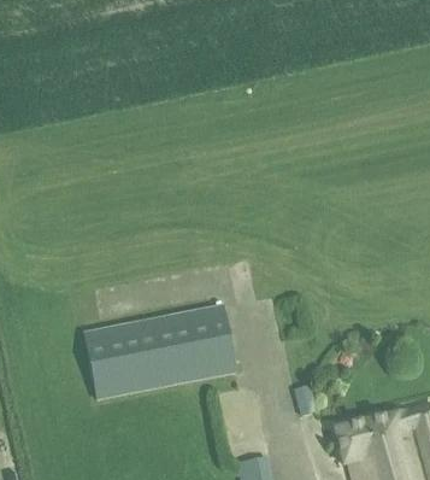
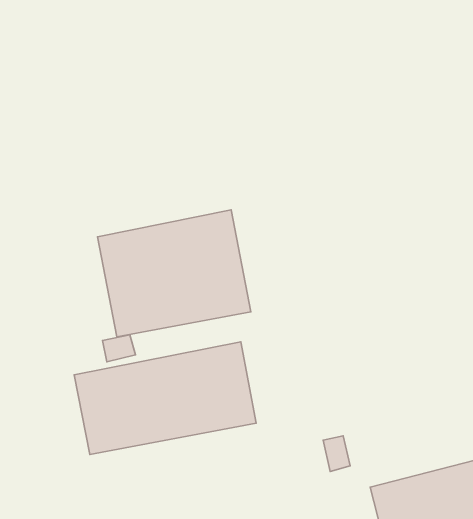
building: none -> [98,210,251,337]

